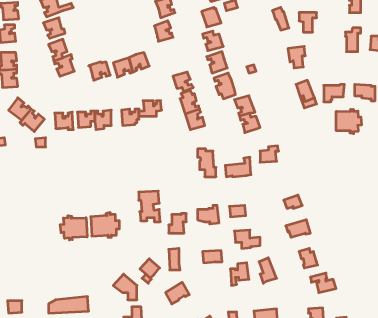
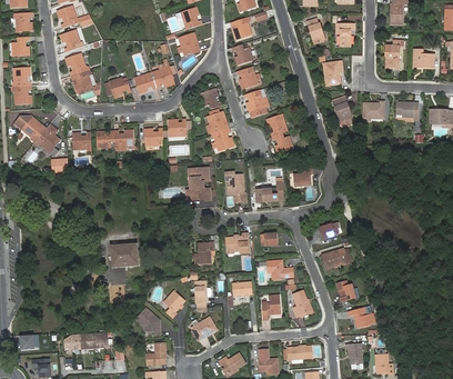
building: [336,109,361,134] -> none
building: [139,191,160,222] -> [188,167,211,200]
building: [60,216,87,240] -> none

